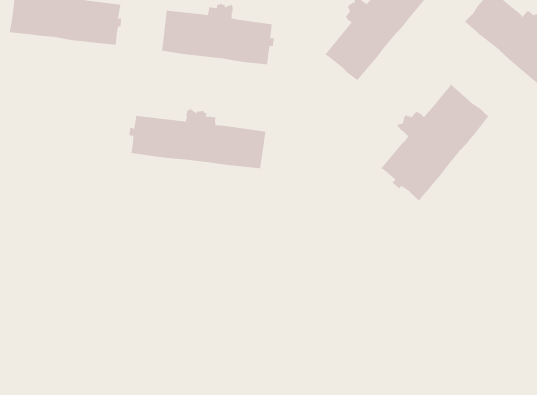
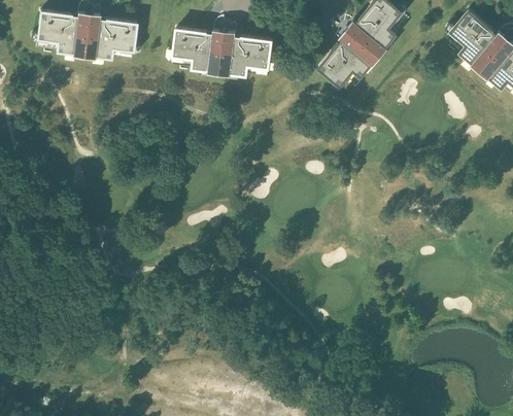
building: [380,84,489,201] -> none
building: [128,107,266,169] -> none

